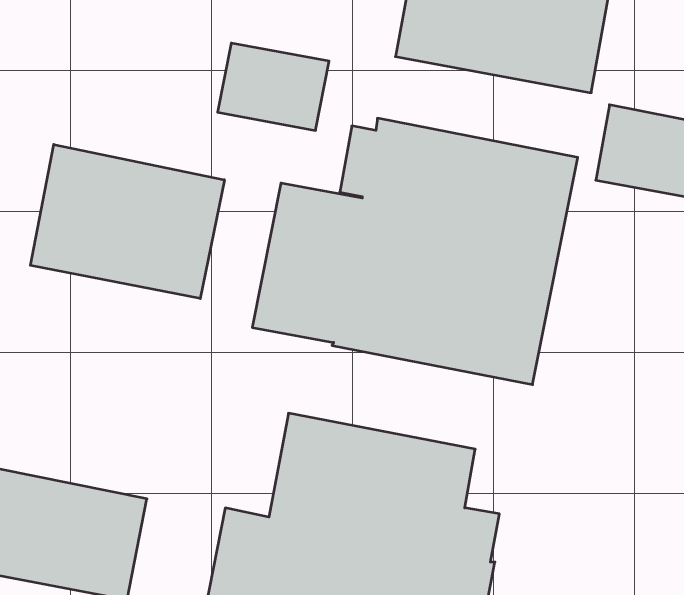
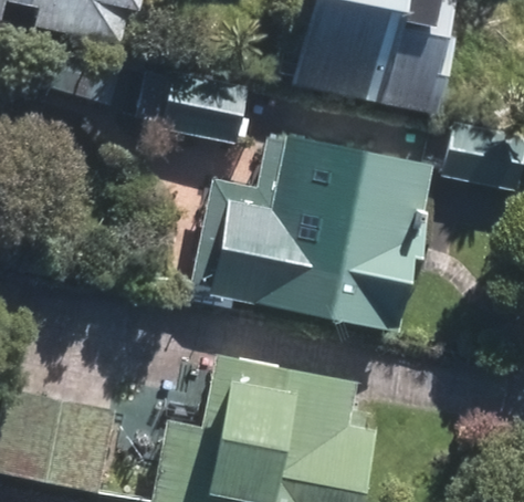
building: [30,144,224,299] -> none

